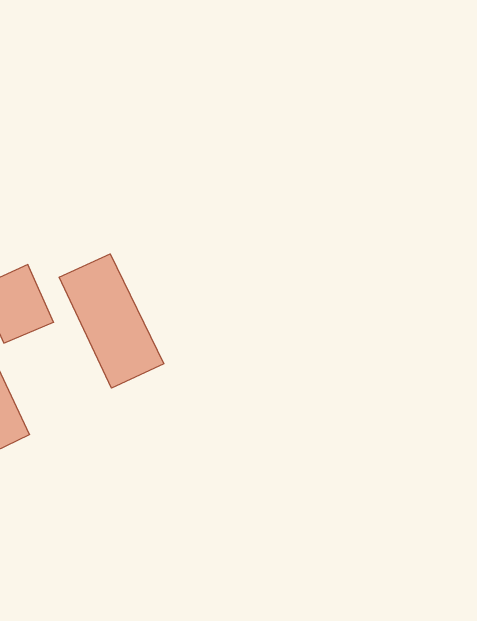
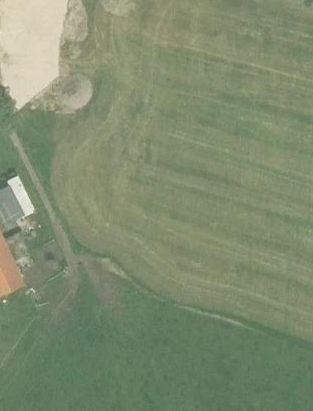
building: [59,254,164,388] -> none

